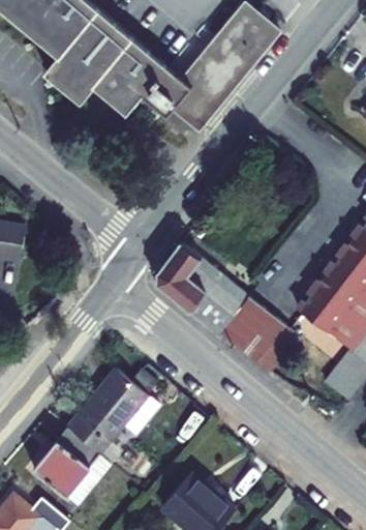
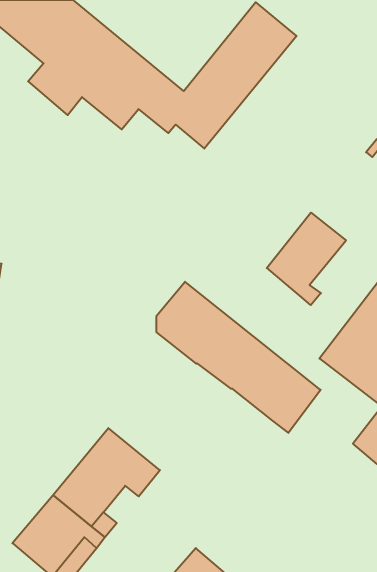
building: none -> [267,213,346,305]

